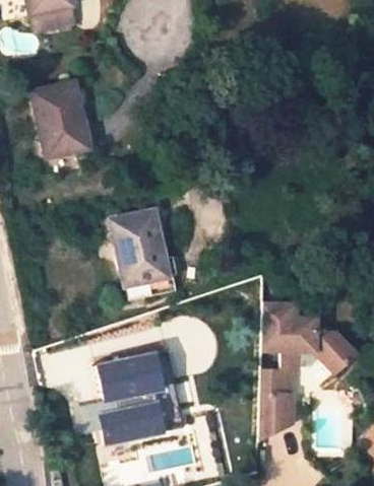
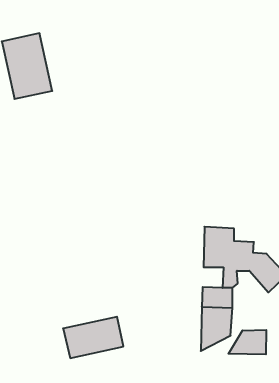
building: [114,212,169,284] -> none
building: [100,349,171,404] -> none
building: none -> [228,330,266,354]

